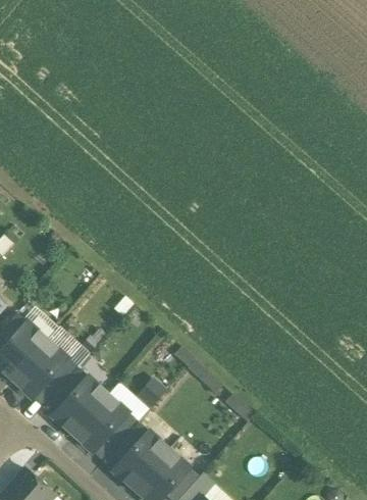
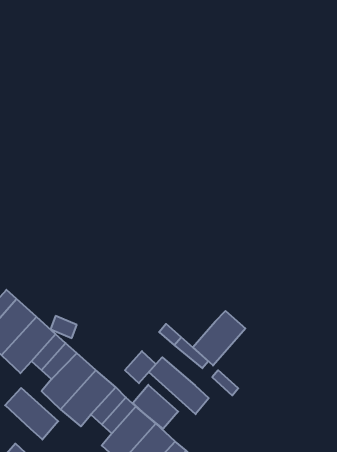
building: none -> [193,311,245,366]
building: none -> [149,357,209,414]
building: none -> [133,385,178,429]
building: none -> [5,388,58,440]

